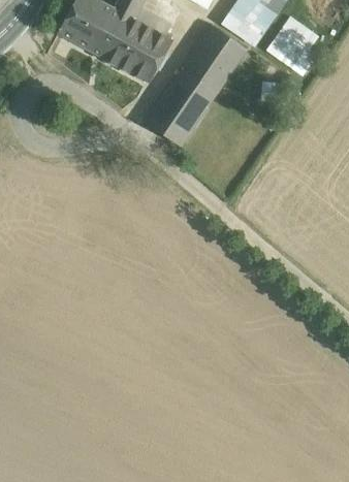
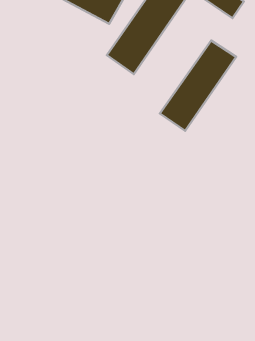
building: none -> [160,40,236,131]

